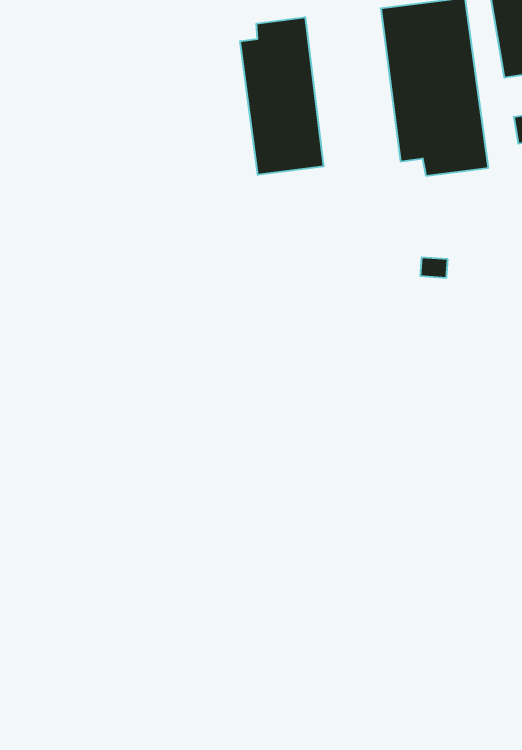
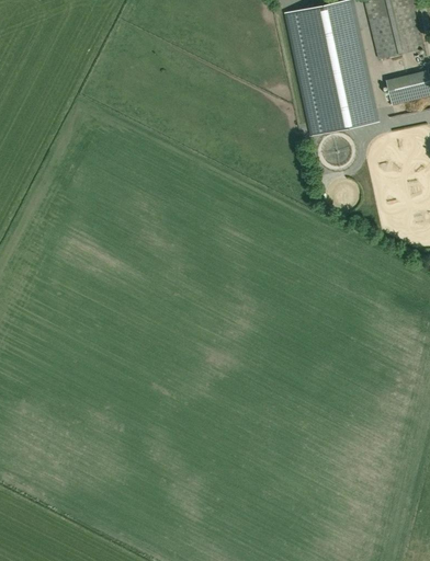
building: [240,17,324,175] -> none

